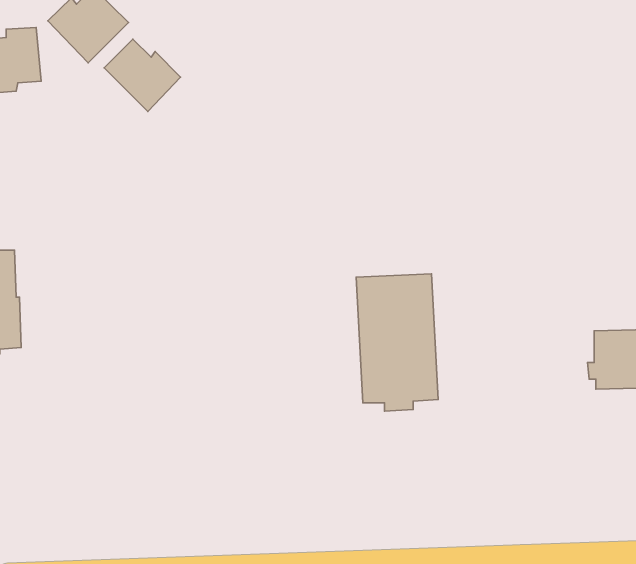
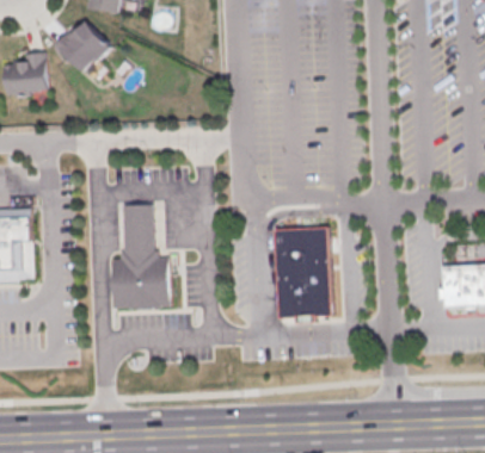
building: [104,39,180,111] -> none
building: none -> [113,204,170,309]

